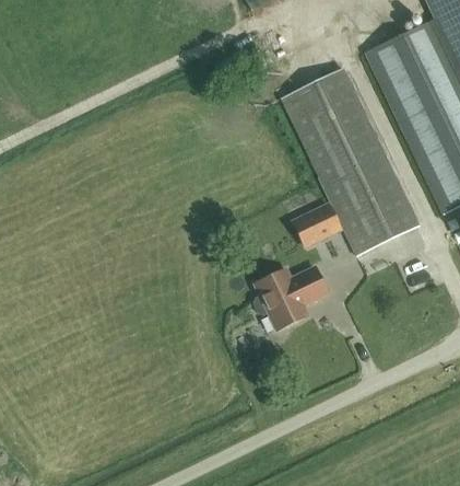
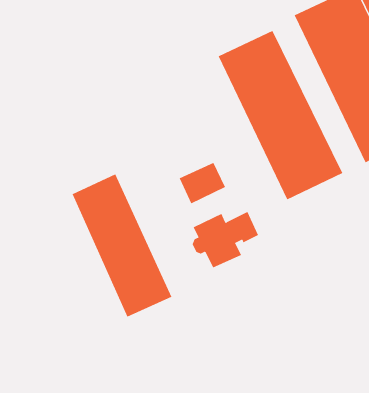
building: [292,201,343,247] -> [179,162,226,204]
building: none -> [72,174,172,318]

